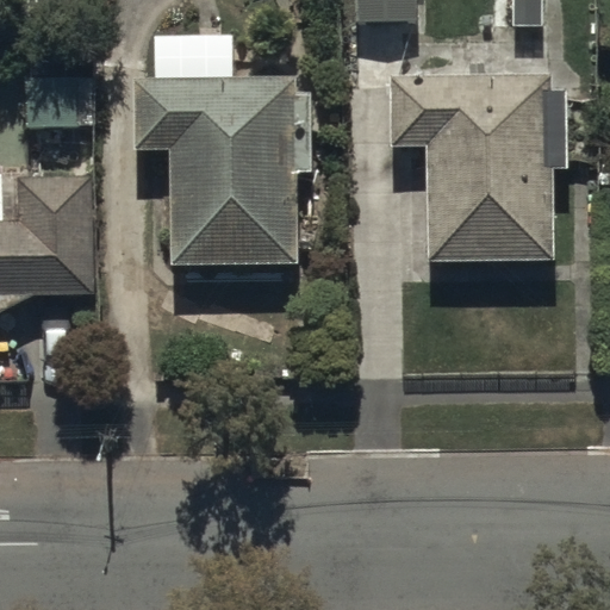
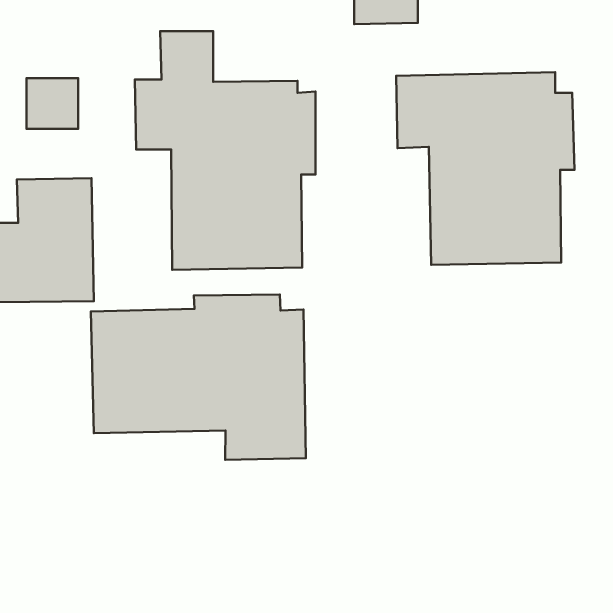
building: none -> [91,295,306,460]

